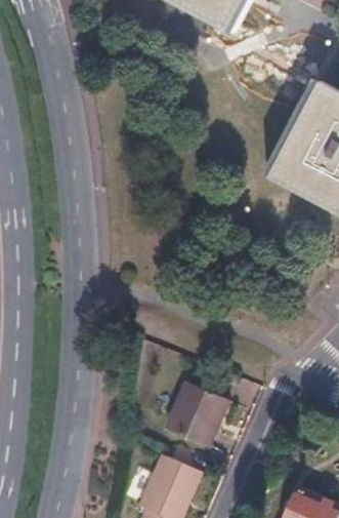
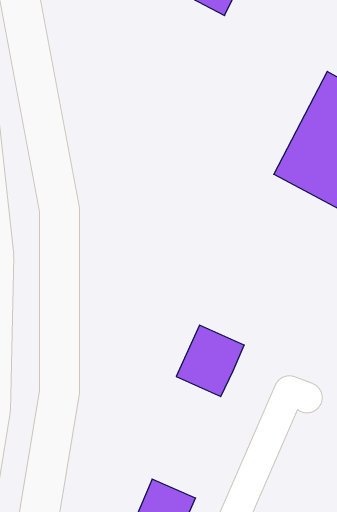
building: [166,382,228,447] -> [176,325,244,397]

